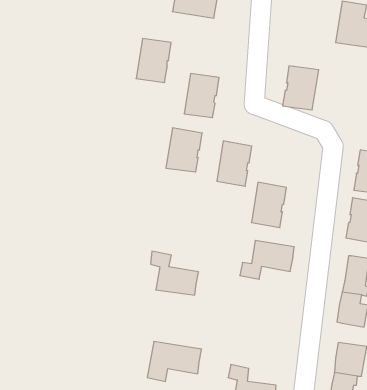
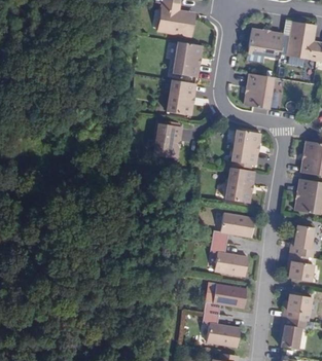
building: none -> [246,30,283,63]
building: [136,39,171,83] -> [173,42,201,77]
building: [217,141,252,186] -> [226,129,254,165]
building: [151,251,199,295] -> [210,241,248,276]
building: [147,341,202,381] -> [204,283,247,315]

